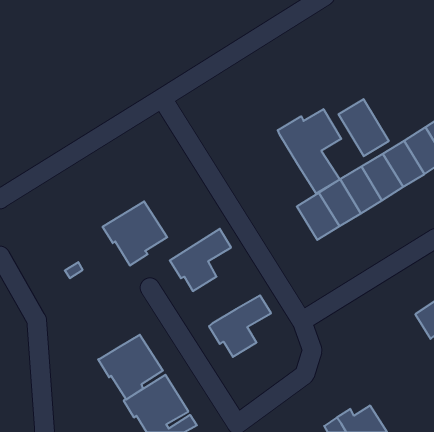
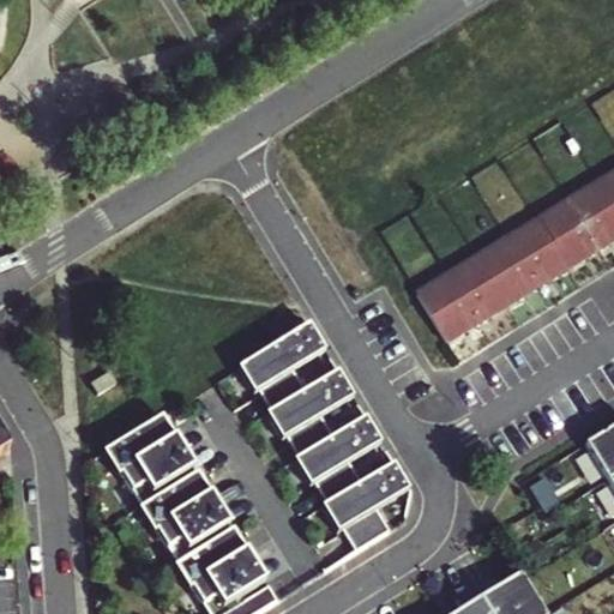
building: [339,99,389,156] -> none
building: [278,109,341,193] -> none
building: [102,201,167,265] -> [106,414,197,504]
building: none -> [269,368,356,455]
building: none -> [325,460,411,548]

